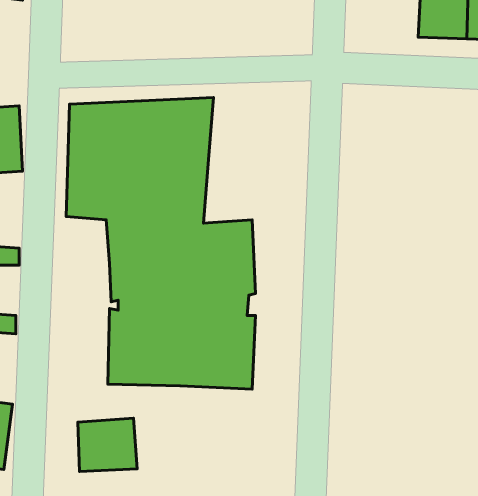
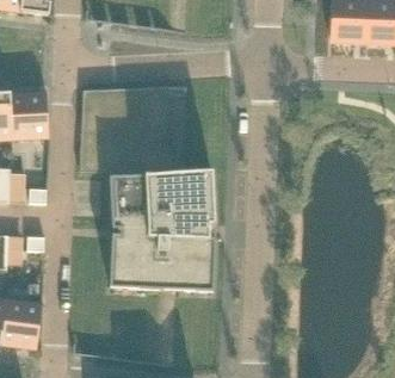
building: [78,418,137,471] -> none

